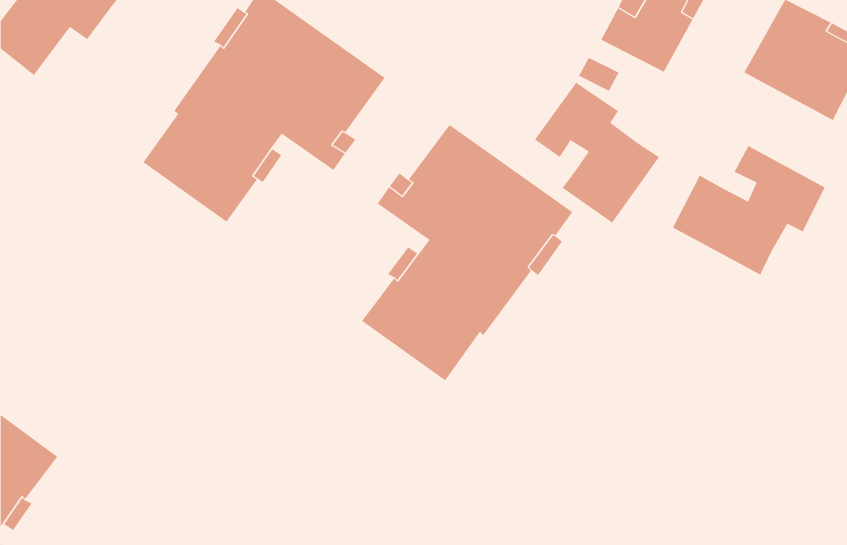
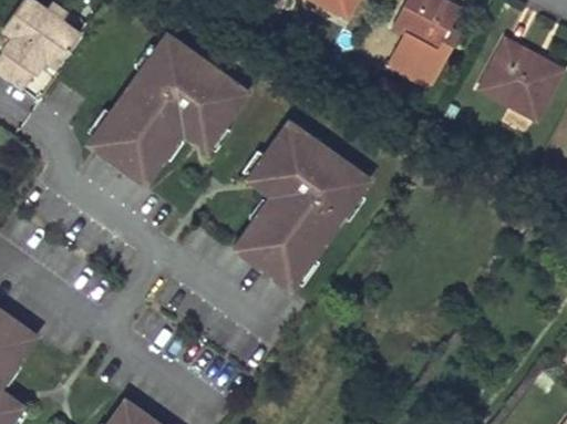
building: [534,82,660,223] -> none
building: [672,145,825,276] -> none

